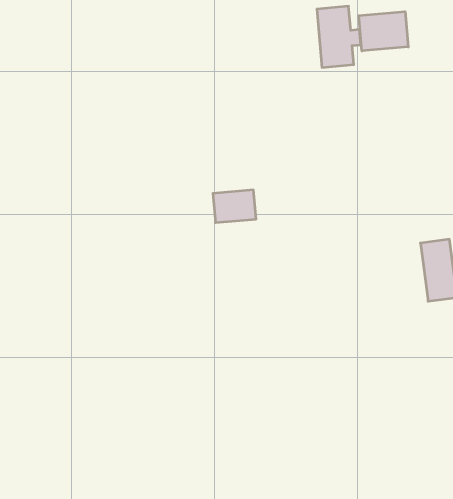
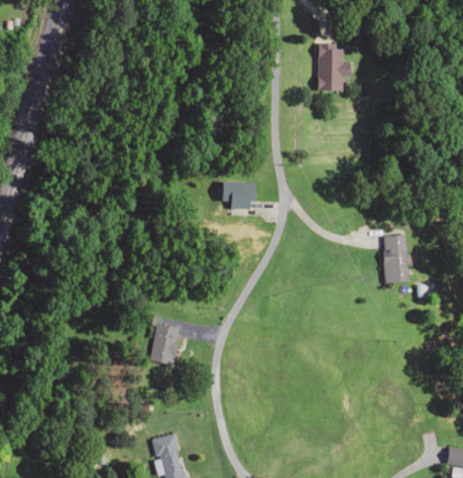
building: [359,12,408,51] -> none
building: none -> [149,323,178,364]

